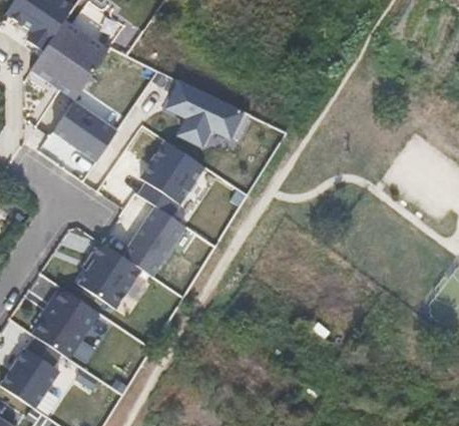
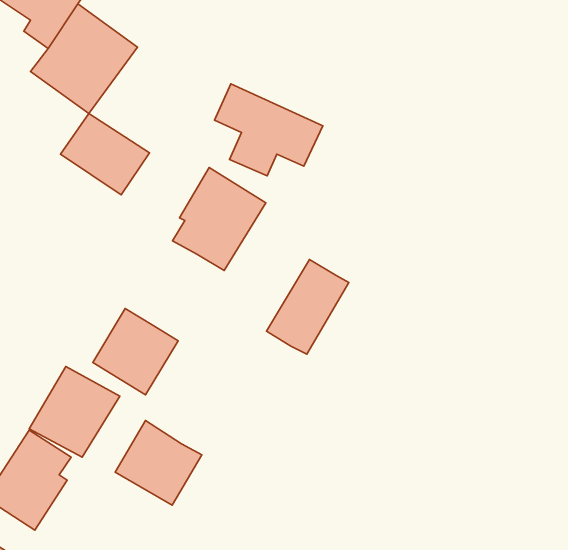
building: [122,204,183,275] -> [266,260,349,354]
building: none -> [115,420,202,505]

